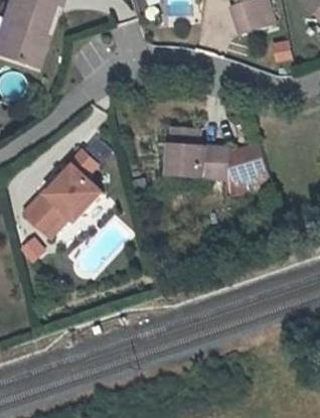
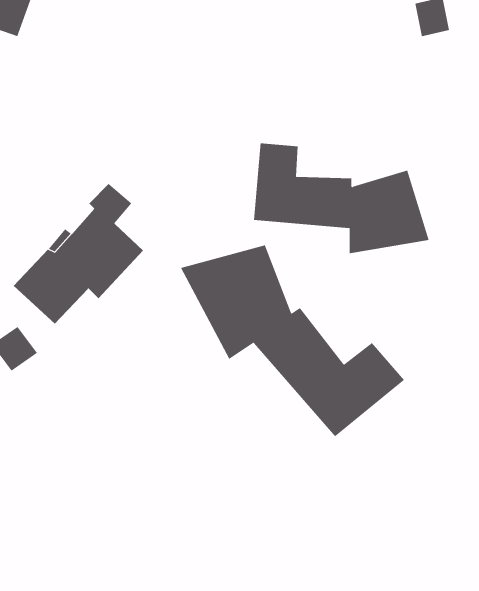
building: none -> [180,244,405,437]

